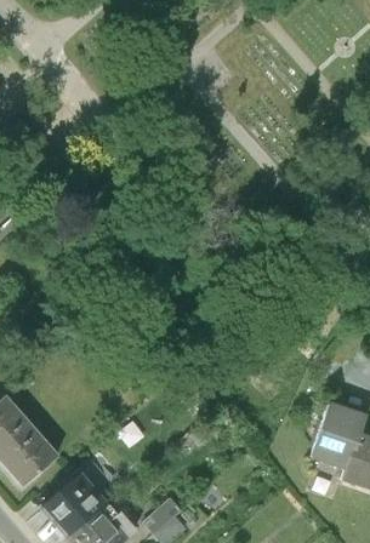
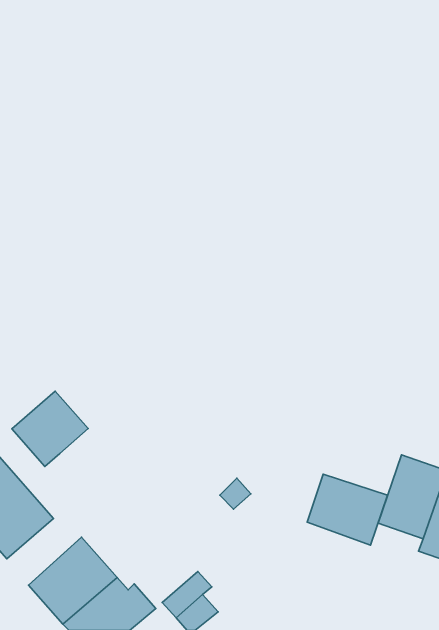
building: none -> [12,391,88,466]
building: none -> [307,474,388,545]

